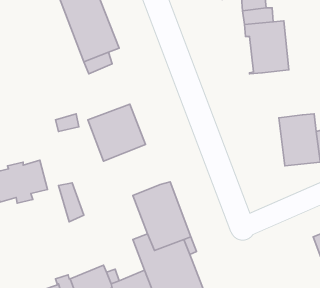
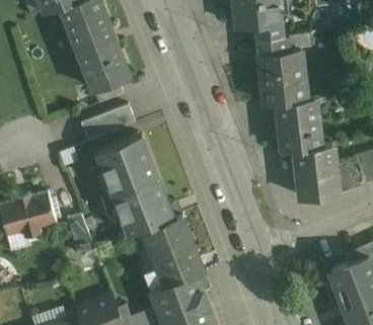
building: none -> [278,98,319,151]
building: none -> [80,105,135,142]
building: none -> [114,176,172,235]

